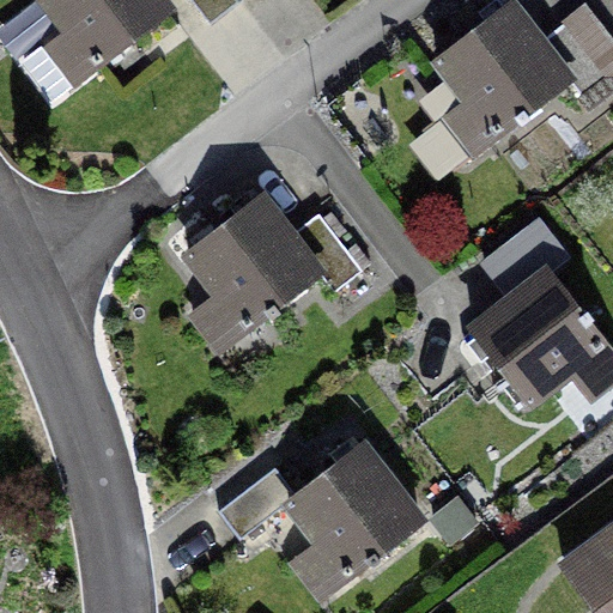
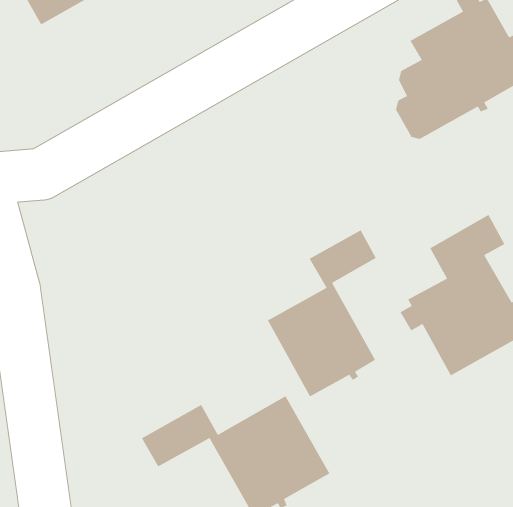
building: [186,199,359,329] -> none
building: none -> [267,229,377,397]

